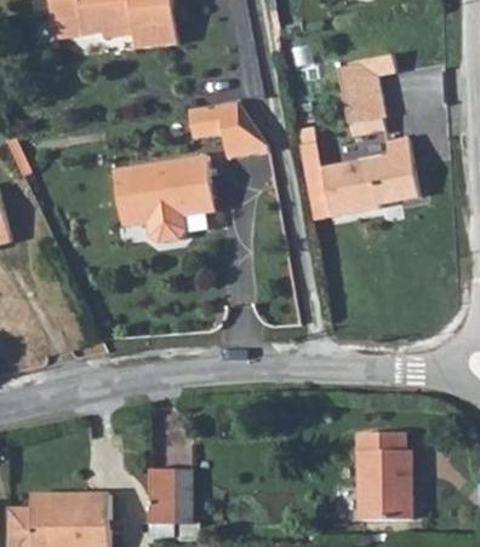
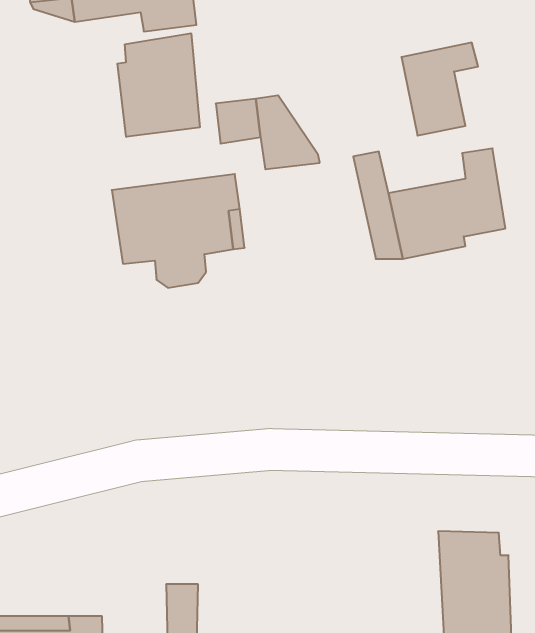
building: none -> [117,33,200,137]

